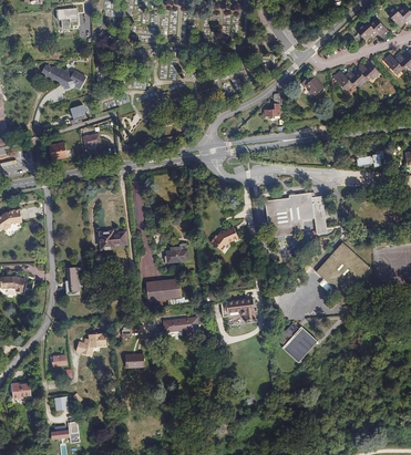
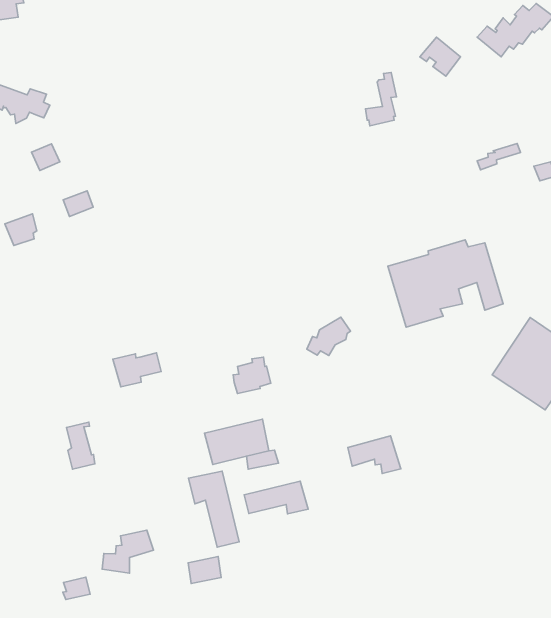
building: none -> [188,471,239,547]
building: [277,322,317,361] -> none

